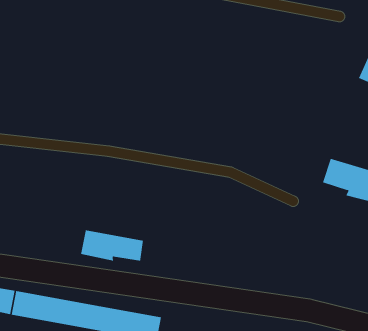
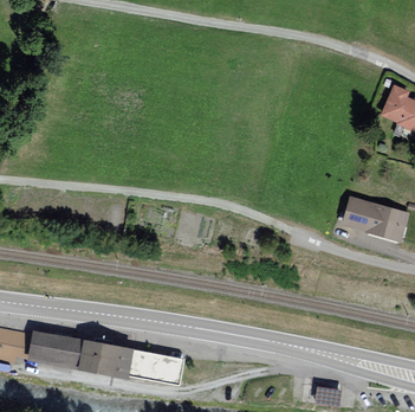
building: [81,230,144,262] -> none

